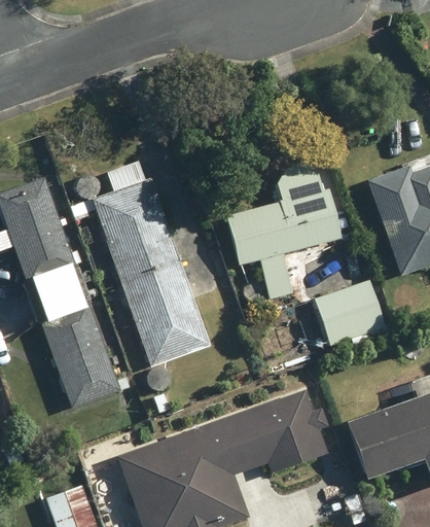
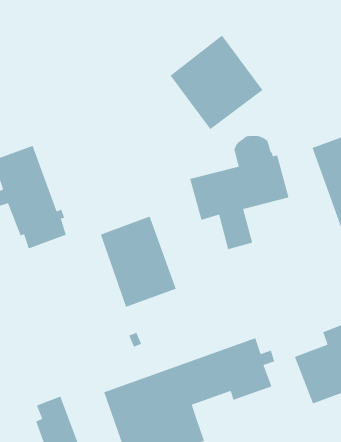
building: none -> [169,35,264,130]
building: [69,161,179,281] -> none
building: [301,280,386,346] -> none
building: [37,282,130,409] -> none

